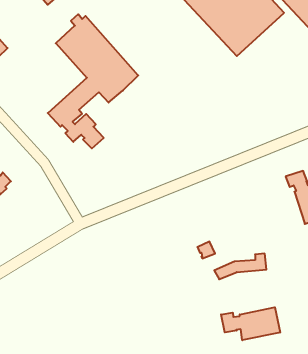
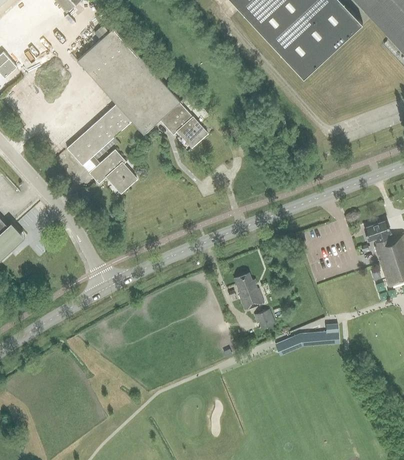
building: none -> [161,101,207,147]
building: none -> [234,272,264,309]
building: [221,307,280,340] -> none

